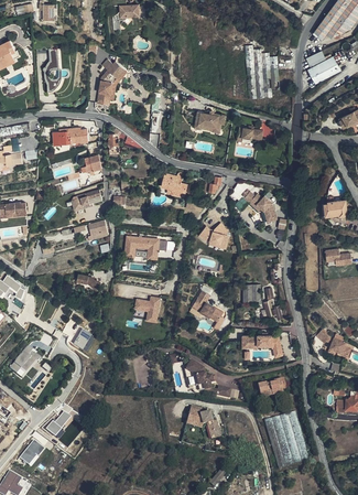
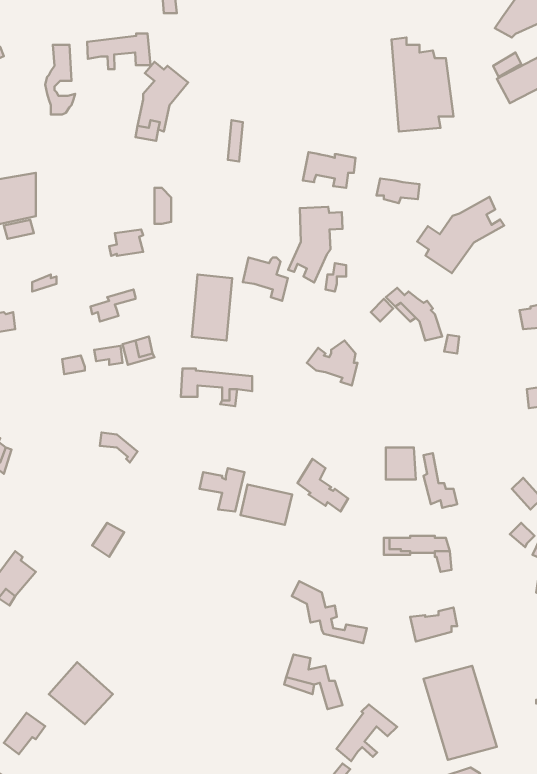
building: none -> [87,34,151,69]
building: [52,128,88,146] -> none
building: none -> [417,197,504,273]
building: none -> [288,207,342,282]
building: none -> [192,274,232,340]
building: none -> [240,484,292,525]
building: none -> [337,704,397,761]

